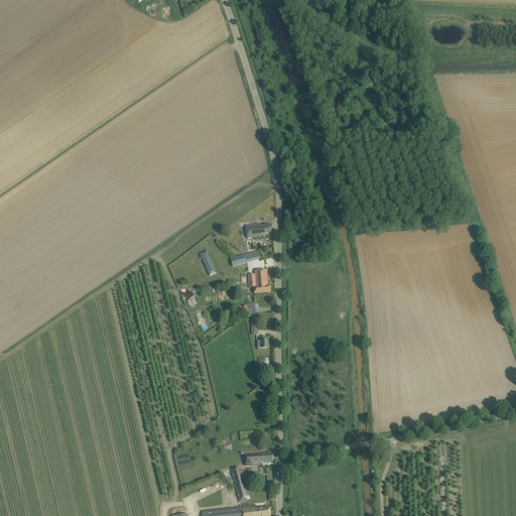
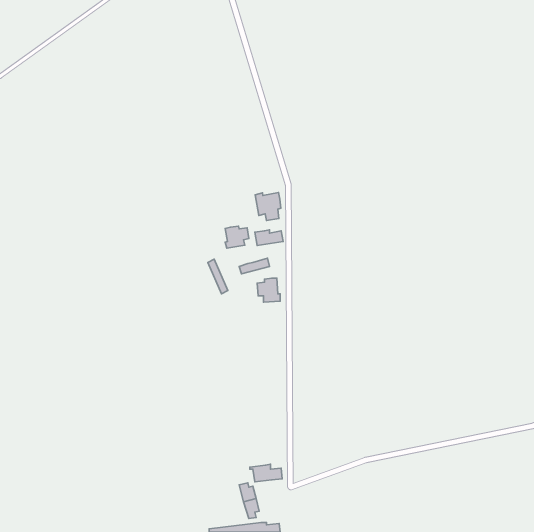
building: none -> [255,193,281,220]
building: none -> [225,226,249,248]

